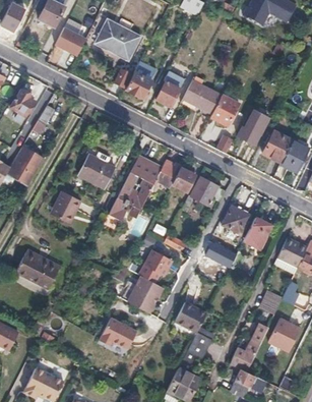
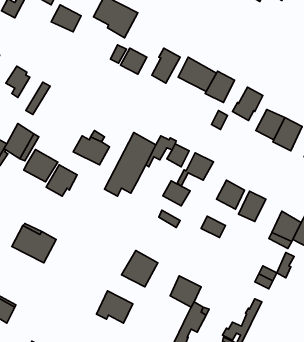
building: none -> [24,150,58,182]
building: [144,249,172,275] -> [163,181,190,206]
building: [267,317,301,352] -> none

